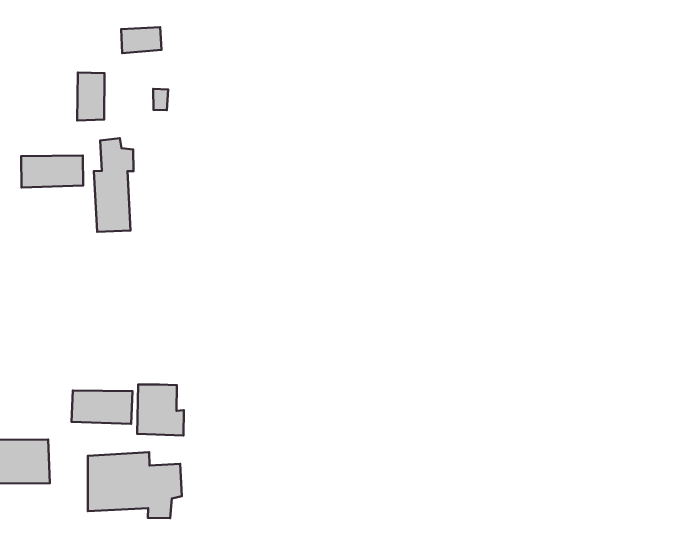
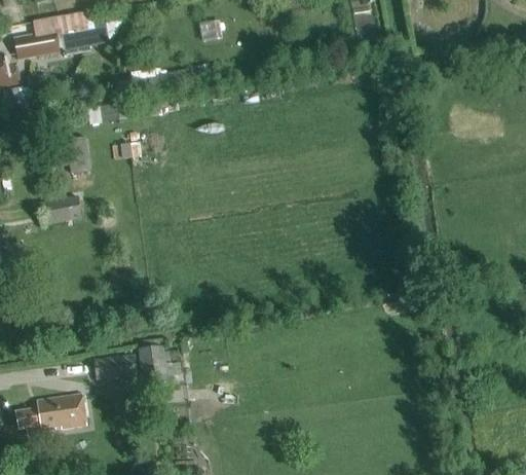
building: [94,138,133,232] -> none
building: [88,452,182,518] -> none

